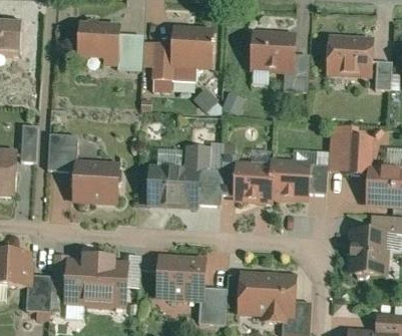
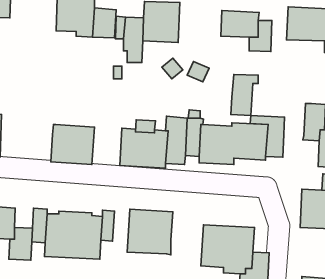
building: [20,125,36,160] -> none
building: [327,127,357,173] -> [231,74,258,115]
building: [48,134,77,172] -> none
building: [196,288,226,324] -> none

